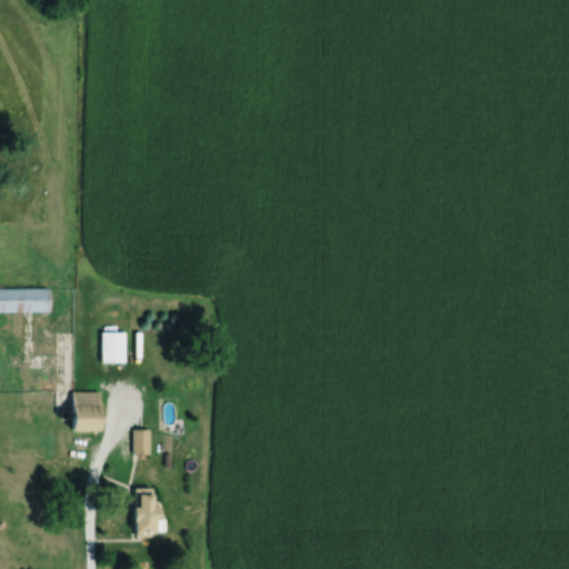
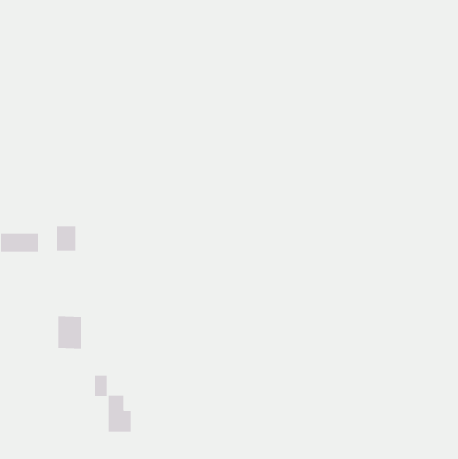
building: [102,332,127,363] -> [56,226,76,251]
building: [133,429,150,456] -> [94,375,108,397]

